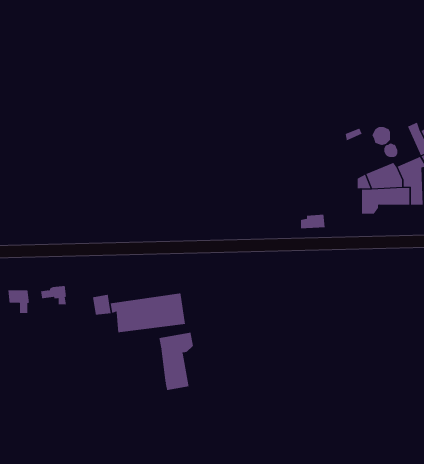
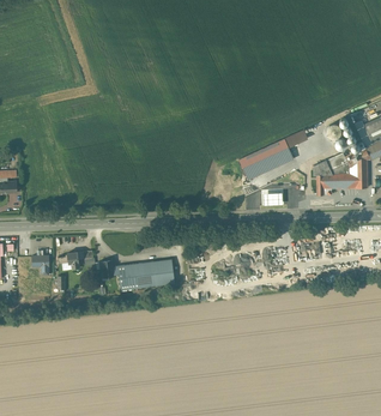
building: none -> [237,139,291,177]
building: [159,332,193,391] -> none

